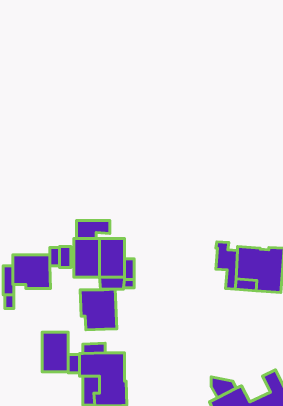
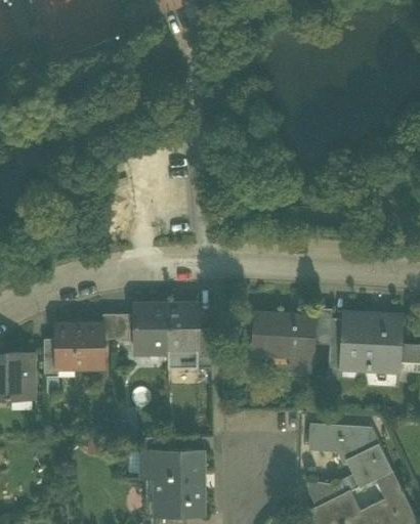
building: [77,220,110,239] -> none
building: none -> [252,314,319,369]
building: [80,289,117,330] -> none
building: [42,332,68,372] -> none
building: none -> [310,424,392,486]

